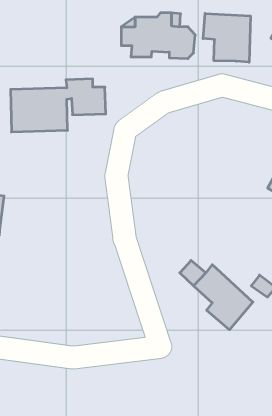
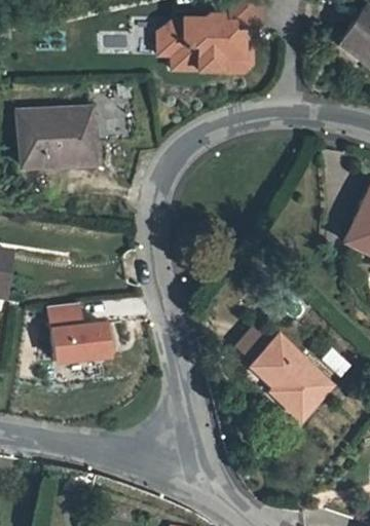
building: [203,13,250,62] -> none
building: none -> [49,302,116,363]

